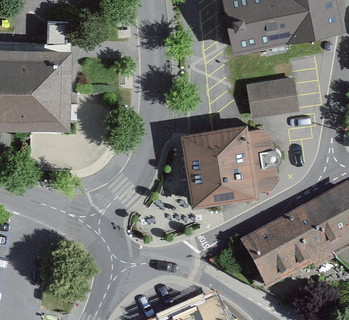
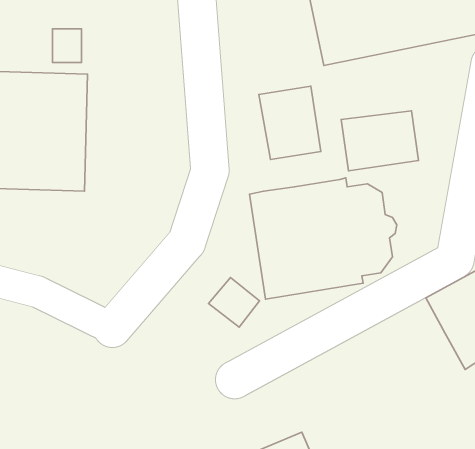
building: none -> [259,86,321,159]
building: [239,207,332,290] -> none

